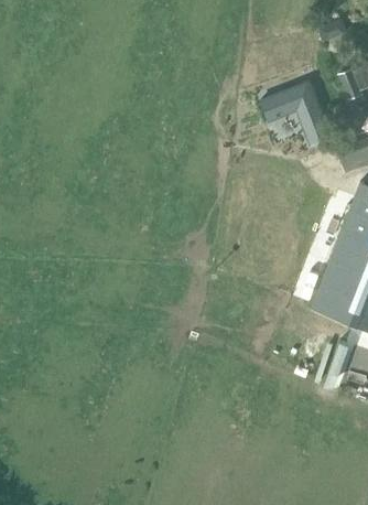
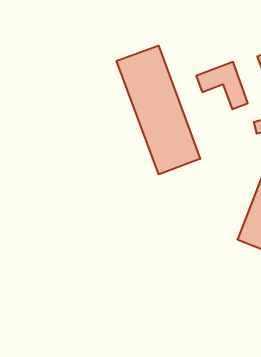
building: none -> [116,46,200,174]

